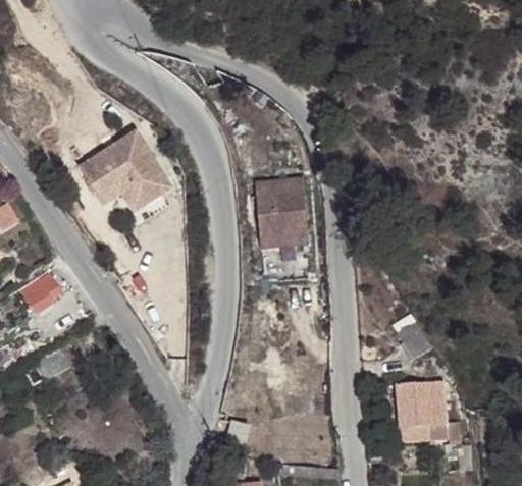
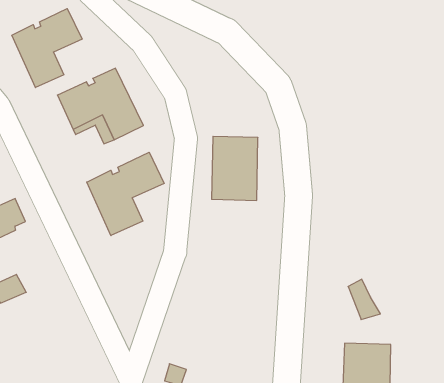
building: none -> [12,9,82,88]
building: none -> [87,152,164,236]

